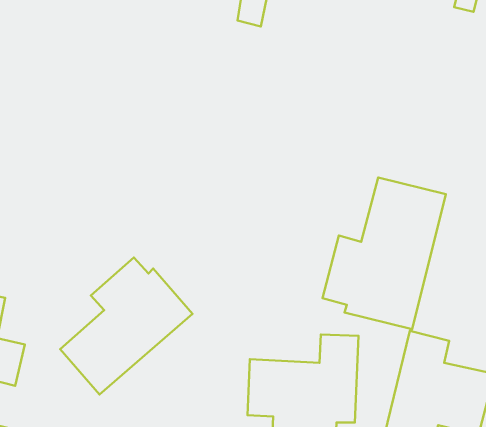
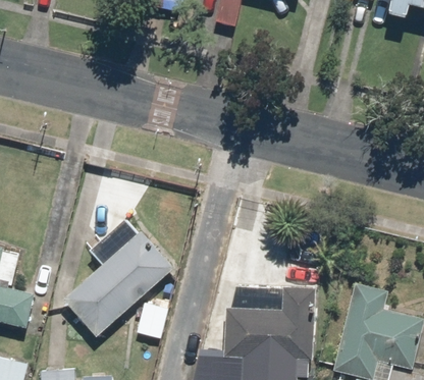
building: [322,178,446,329] -> none

